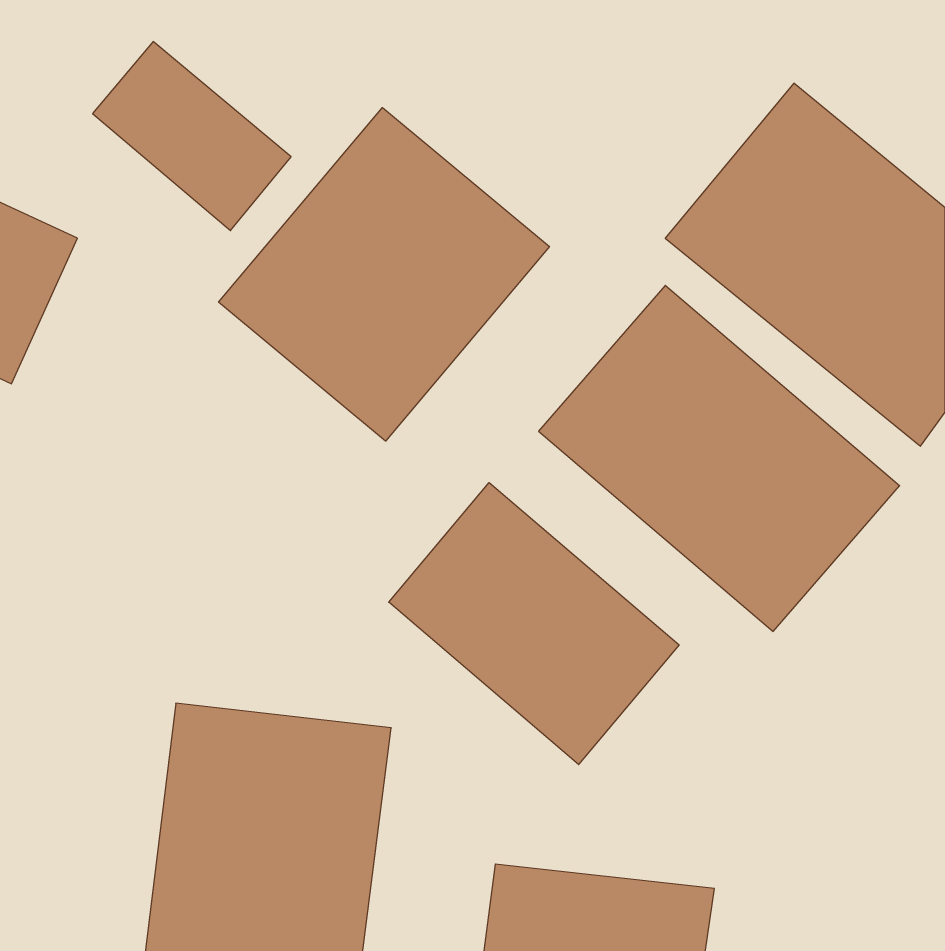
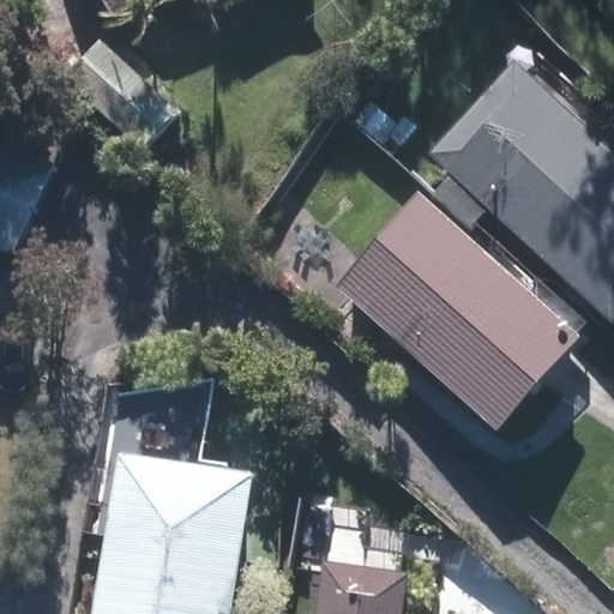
building: [219,108,549,441] -> none
building: [389,483,679,765] -> none

